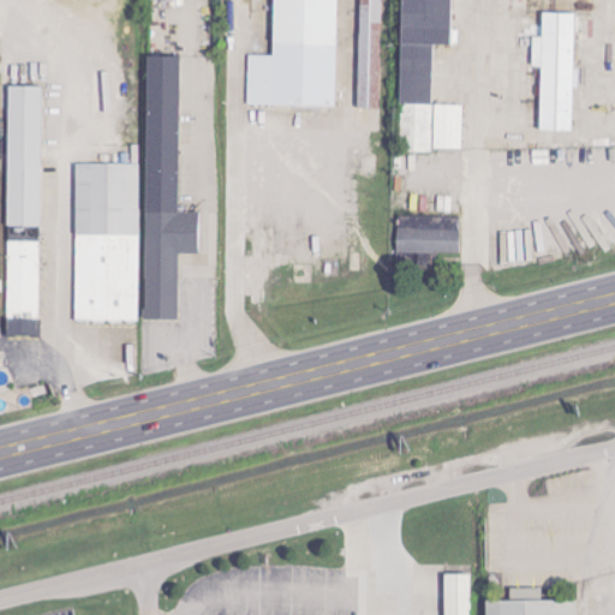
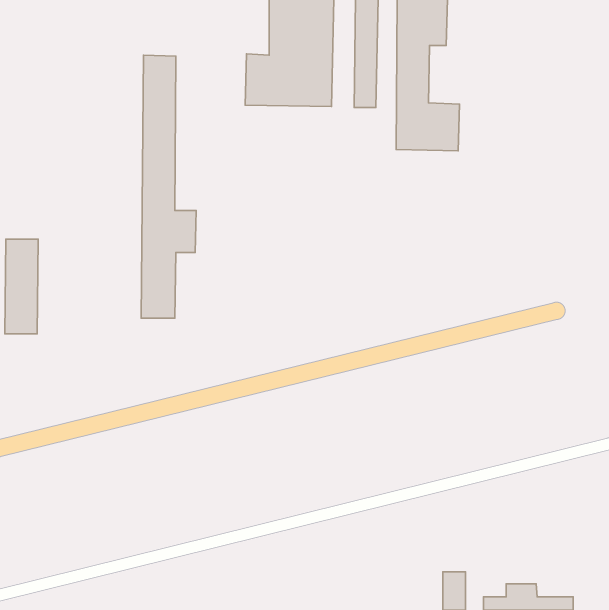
building: [531,12,573,131] -> none
building: [5,85,41,227] -> none
building: [74,163,137,321] -> none
building: [395,216,458,253] -> none

